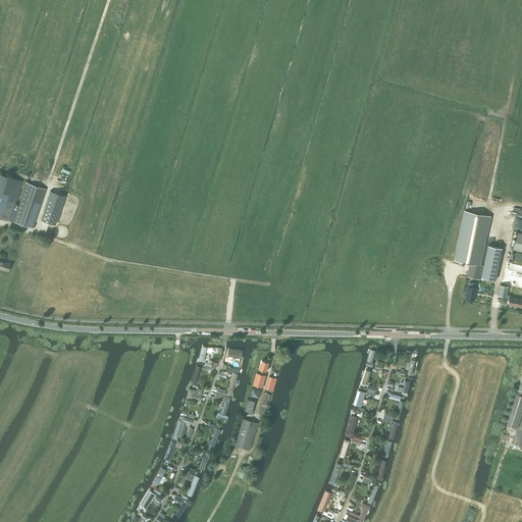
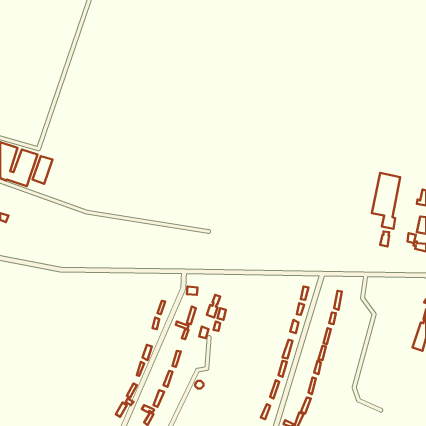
building: [482,246,503,281] -> none
building: [236,419,258,450] -> none

